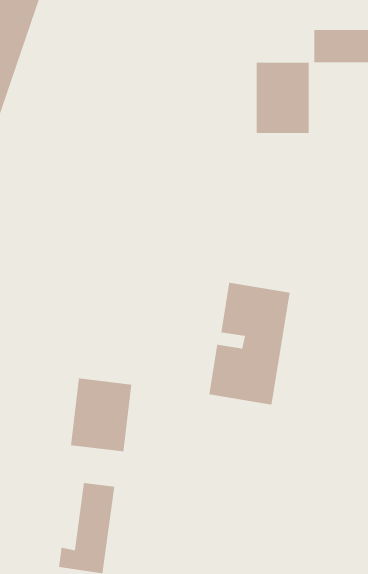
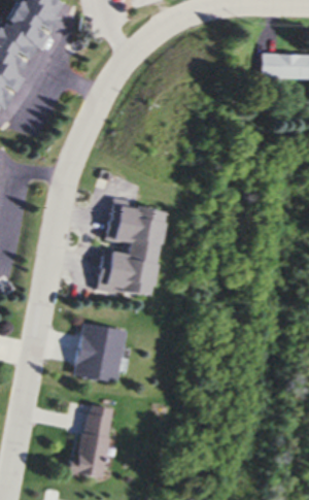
building: [256,62,309,134] -> none
building: [209,282,291,405] -> [98,201,162,297]

